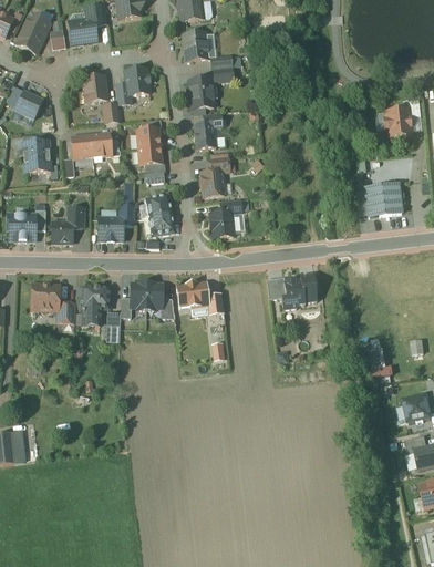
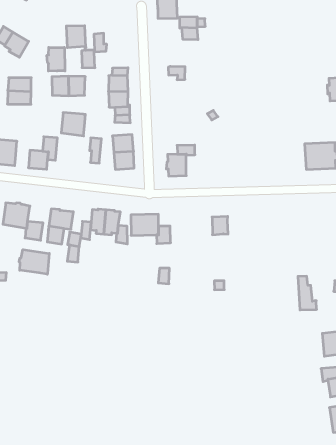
building: [125,68,149,94] -> none
building: [189,78,214,109] -> none
building: none -> [47,47,65,71]
building: [194,122,216,148] -> none
building: [200,156,229,196] -> none
building: [99,216,124,240] -> [61,113,85,136]
building: [281,272,317,309] -> none
building: none -> [19,250,49,274]

